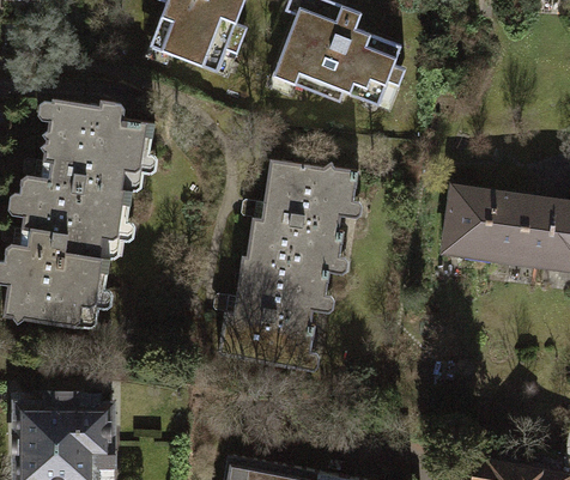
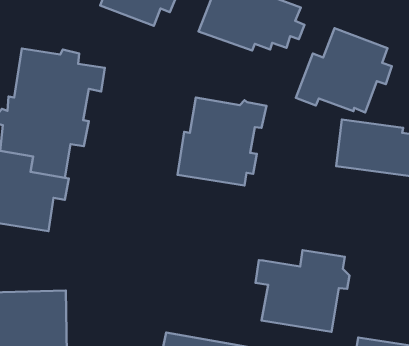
building: none -> [296,28,392,112]
building: [217,256,331,367] -> none
building: none -> [256,250,350,332]

